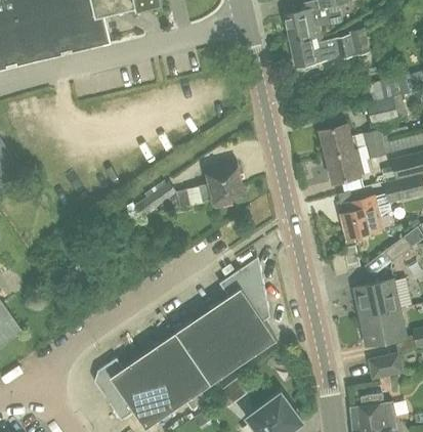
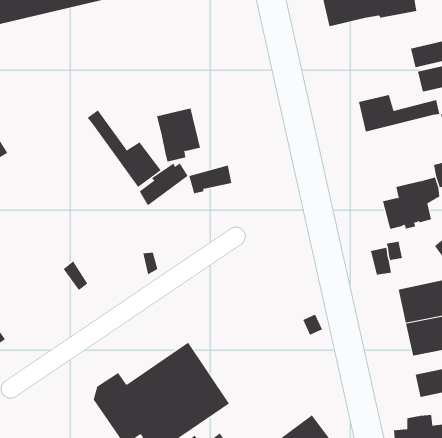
building: none -> [87,110,161,188]
building: [326,141,386,181] -> none
building: [206,161,244,207] -> [156,108,201,162]
building: [176,257,277,385] -> none

